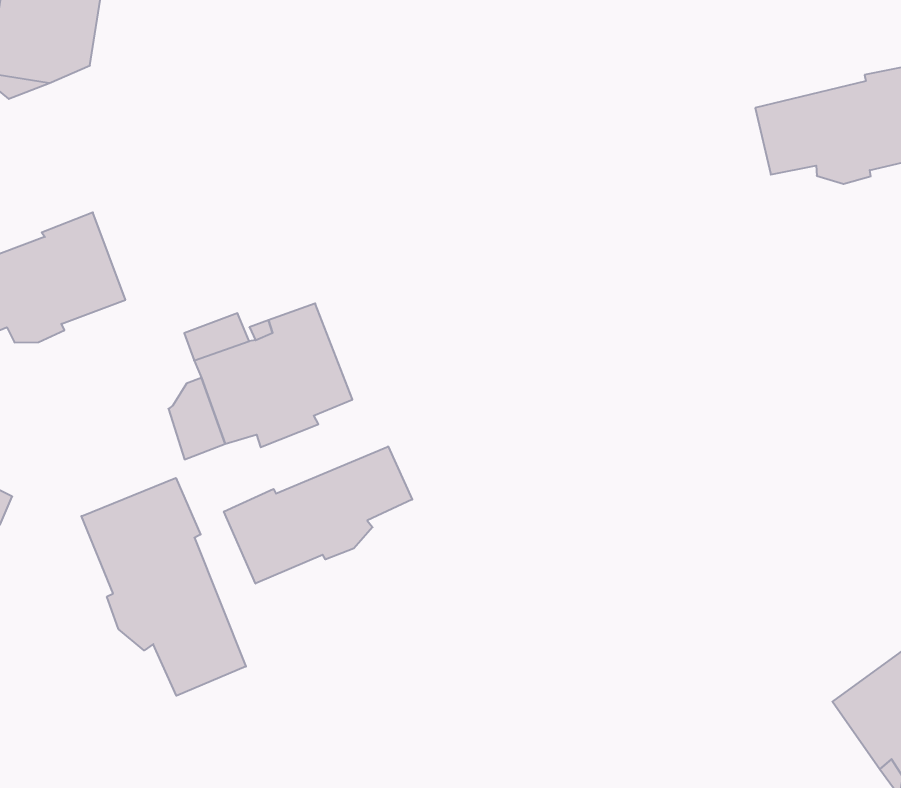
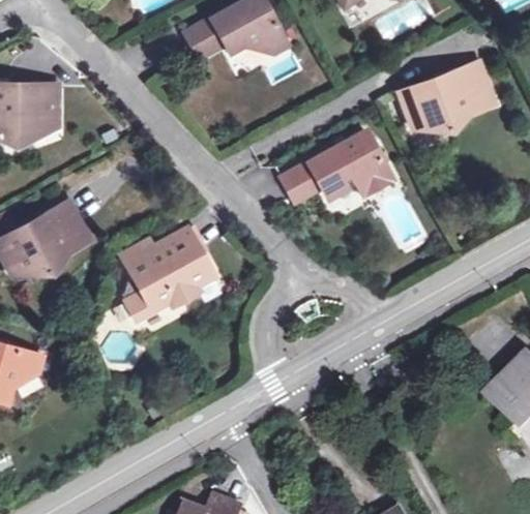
building: none -> [281,131,392,203]
building: [224,446,412,584] -> none
building: [81,478,246,696] -> none

